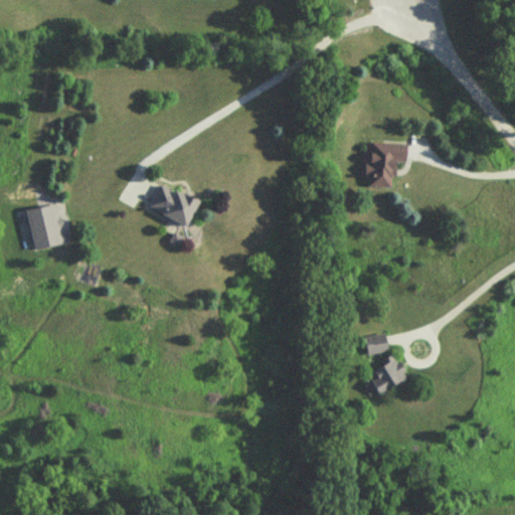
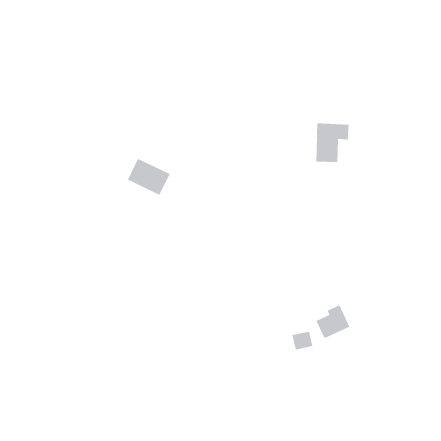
building: [18,203,56,244] -> none
building: [364,334,389,356] -> [292,331,313,350]

